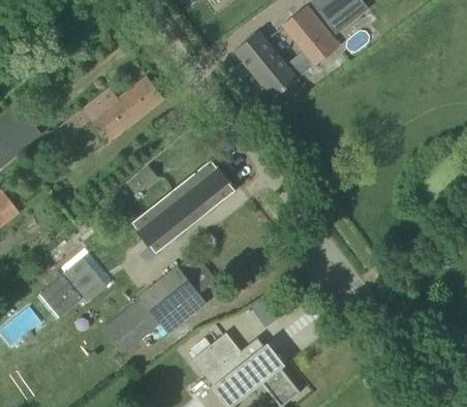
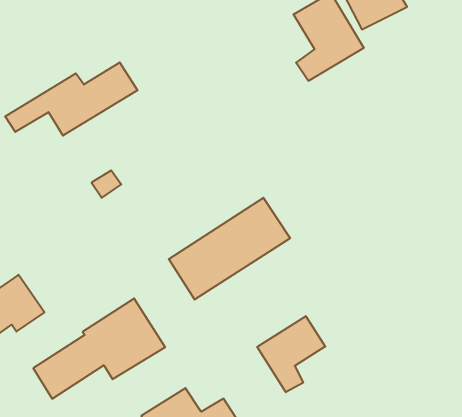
building: [234,31,299,100] -> none
building: [139,160,235,247] -> [169,198,290,299]
building: none -> [257,316,325,392]

